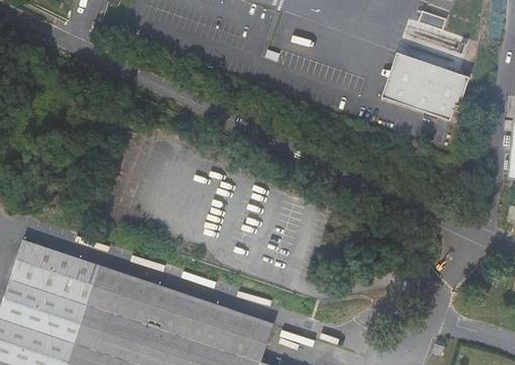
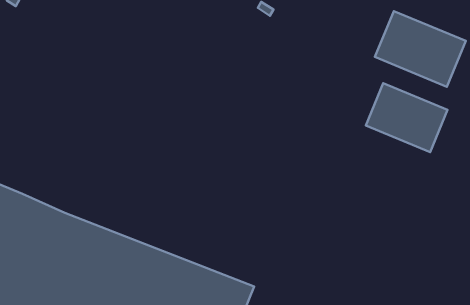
building: none -> [366,83,447,152]

